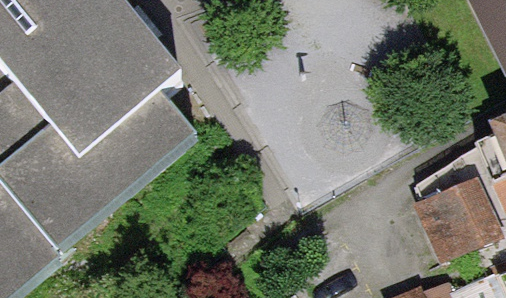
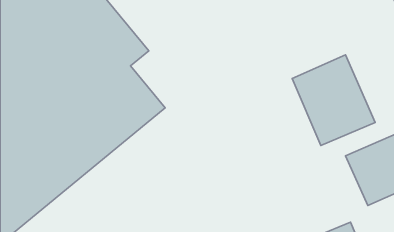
building: none -> [292,55,375,146]

